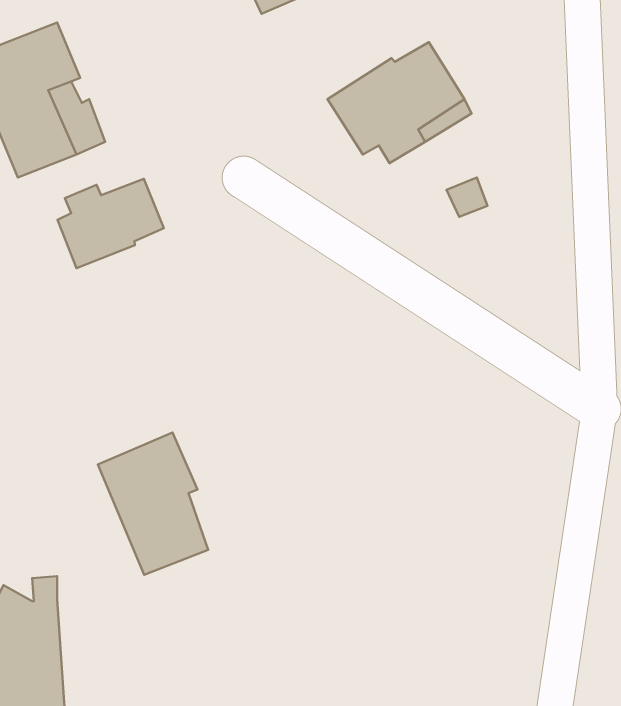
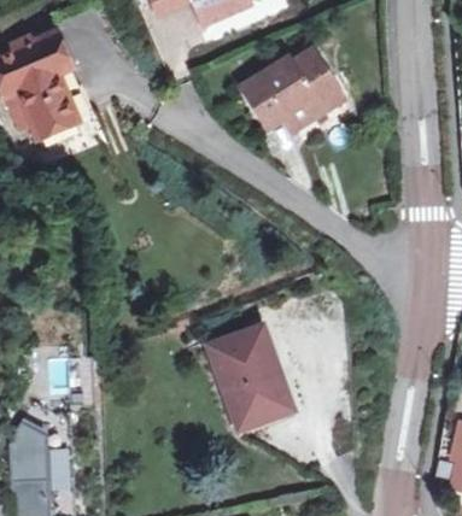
building: [58,179,164,268] -> none
building: [98,432,208,575] -> [201,332,276,428]

